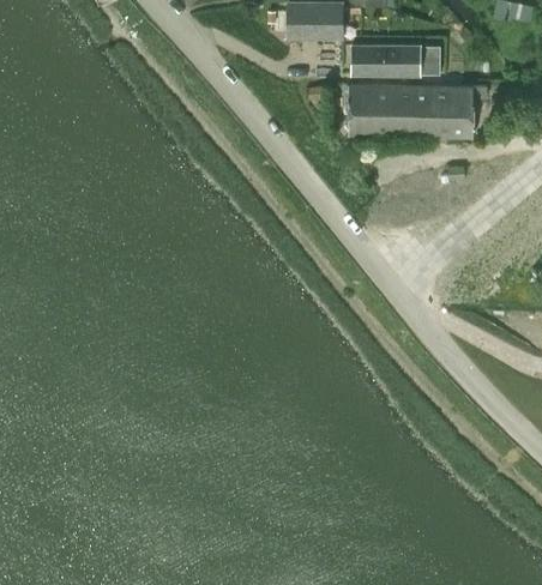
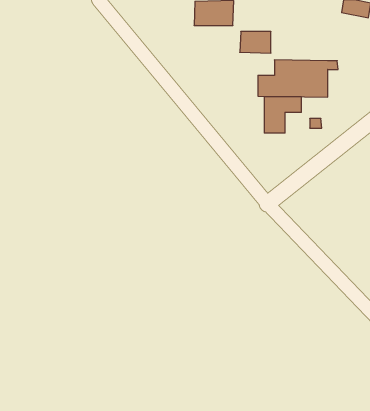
building: [395,44,438,74] -> none
building: [348,84,399,134] -> [264,97,301,133]

